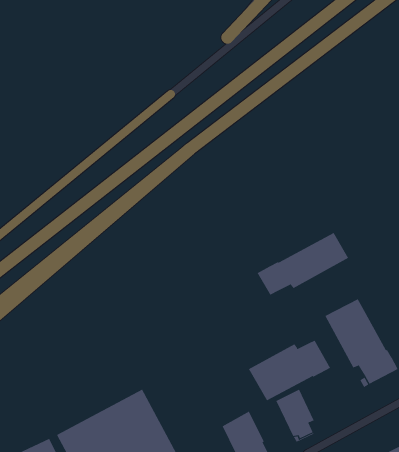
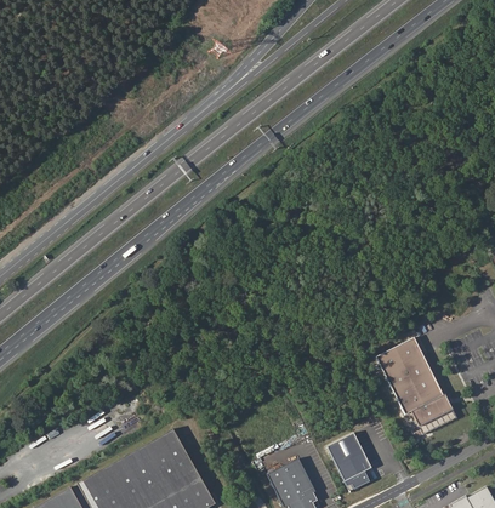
building: [257,232,349,296] -> none
building: [248,340,331,401] -> none

